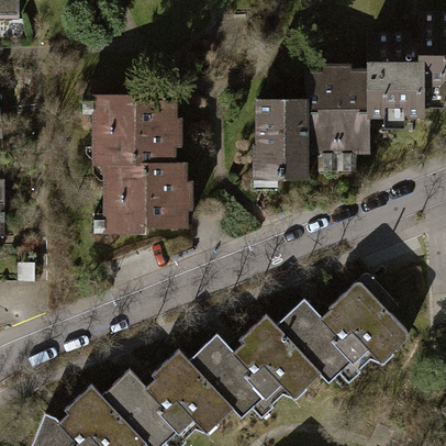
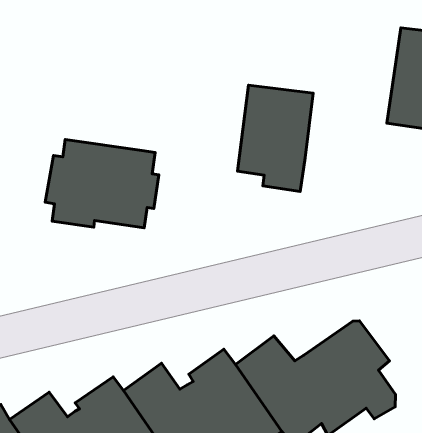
building: [305,65,369,153] -> none
building: [92,97,180,166] -> none

